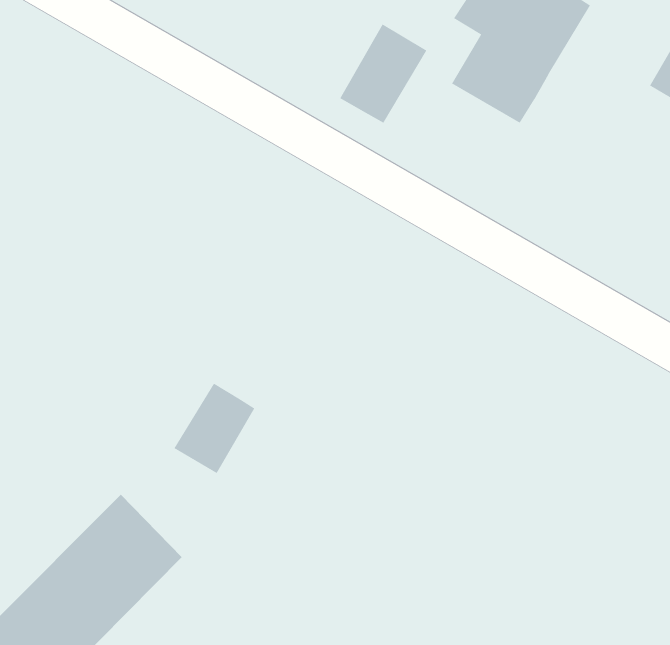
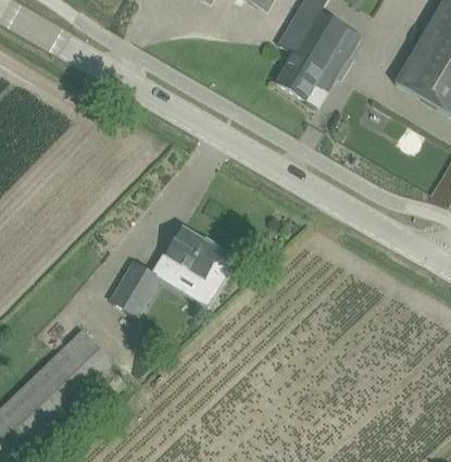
building: [340,23,427,123] -> none
building: none -> [150,226,235,307]

